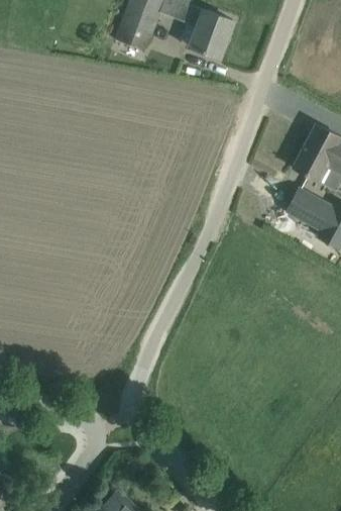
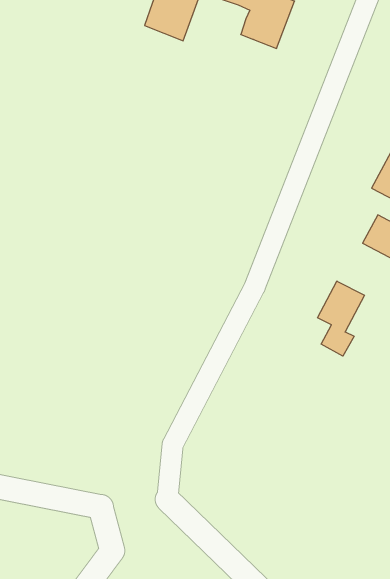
building: none -> [318,281,364,356]

